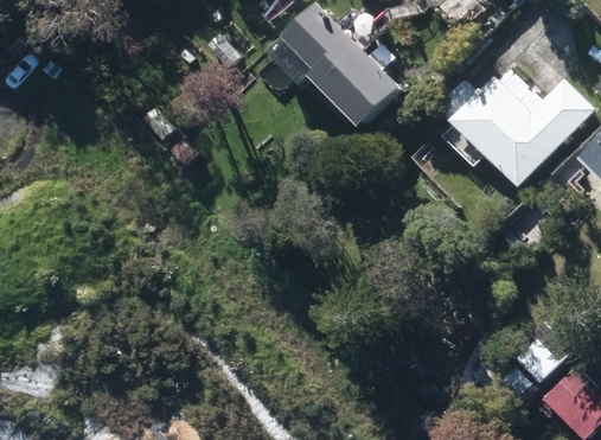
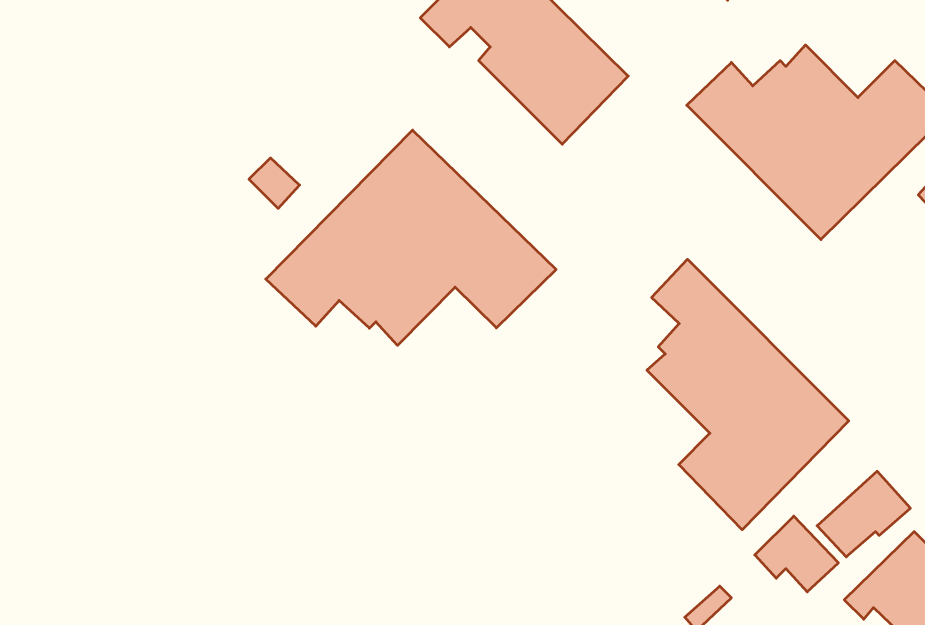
building: none -> [266,130,556,345]
building: none -> [647,259,849,530]

